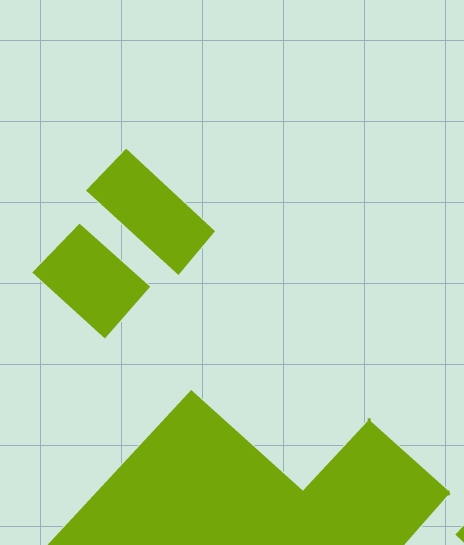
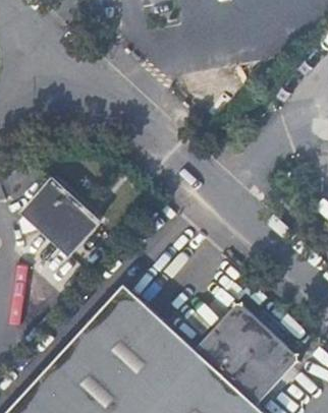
building: [85,148,216,276] -> none

